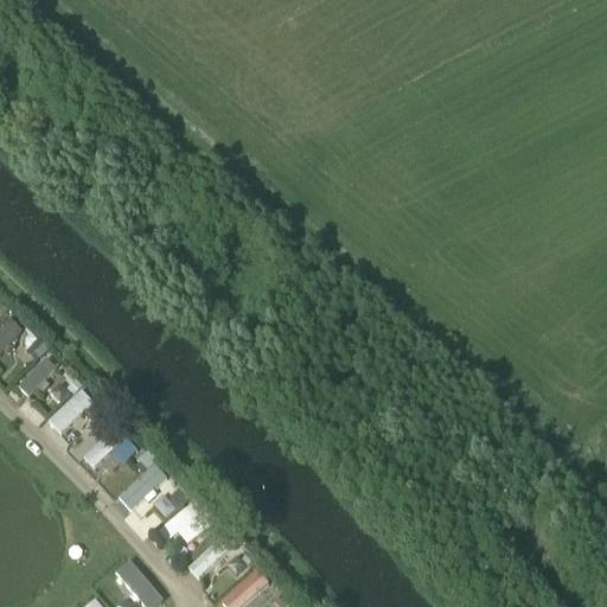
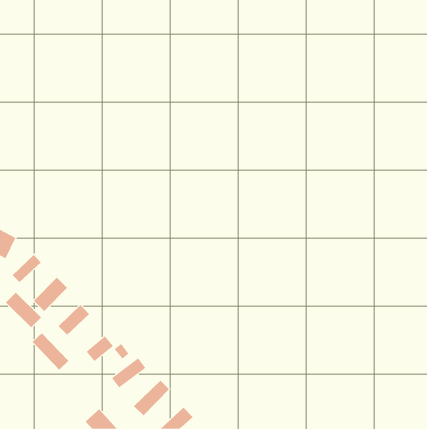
building: none -> [5,292,42,328]
building: none -> [32,332,69,370]

